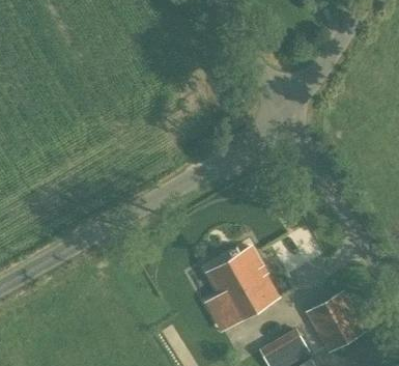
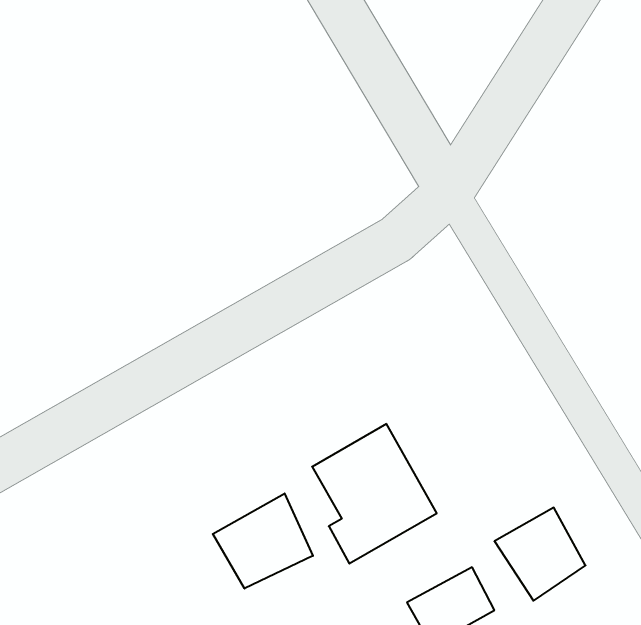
building: none -> [213,493,313,589]

